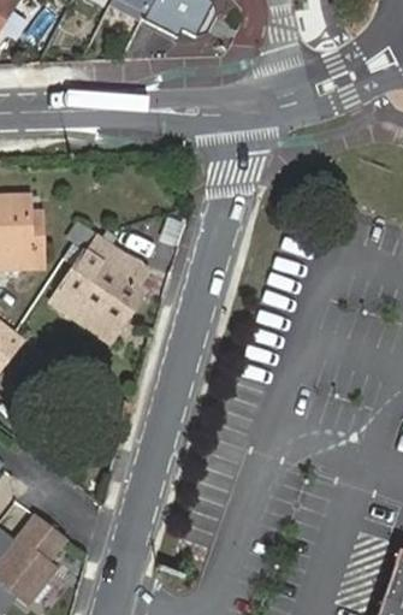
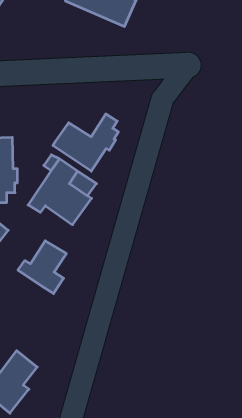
building: none -> [53,114,118,171]
building: none -> [18,241,66,294]

